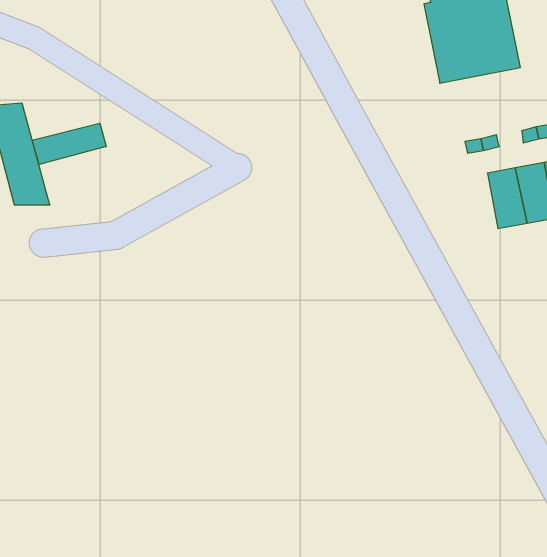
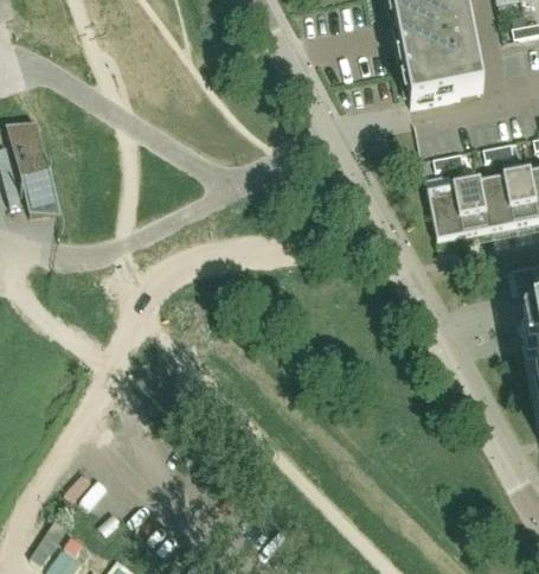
building: [32,123,106,164] -> none
building: none -> [428,183,463,238]

